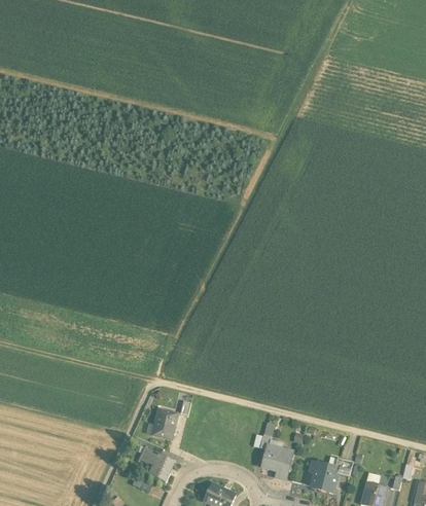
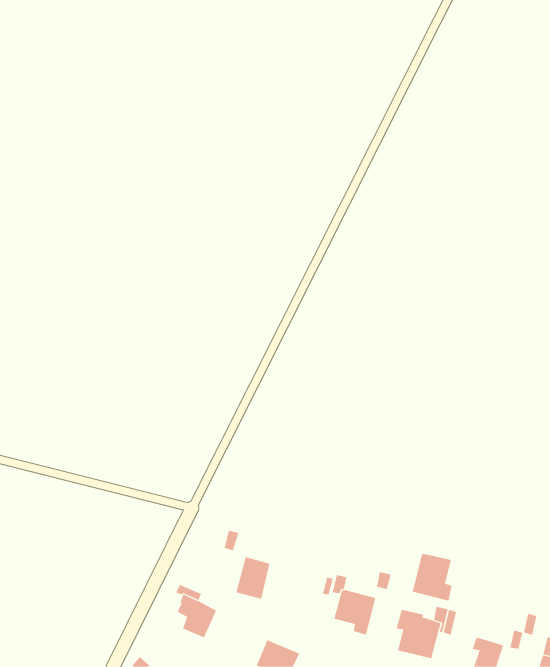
building: [151,408,177,440] -> [235,557,270,600]
building: none -> [412,553,452,601]

